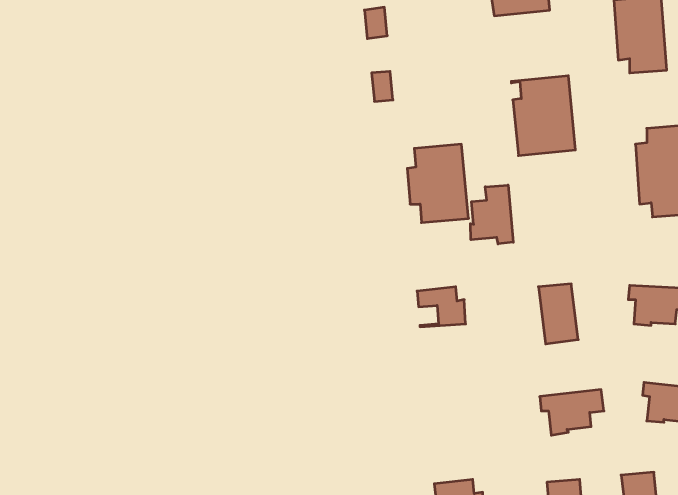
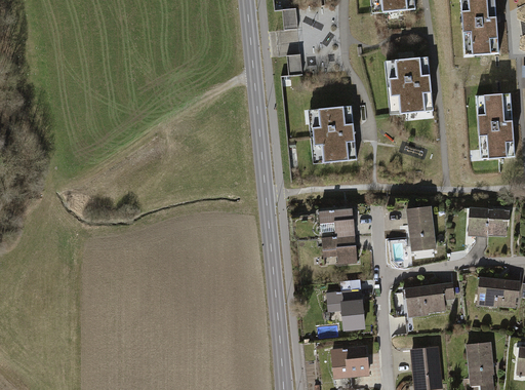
building: [470,185,513,244] -> none
building: none -> [321,235,357,263]
building: none -> [326,289,363,327]

